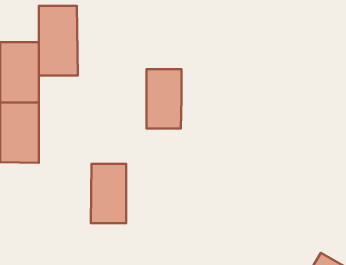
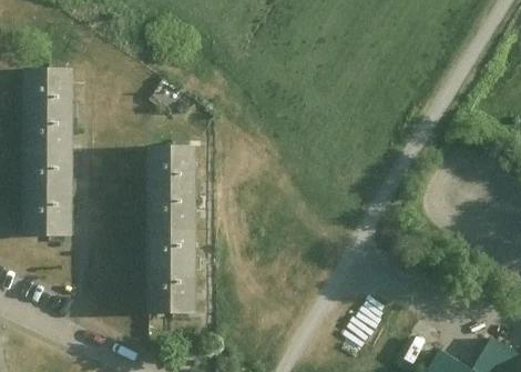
building: [39,6,78,76] -> none
building: [146,69,182,129] -> [146,154,193,233]

